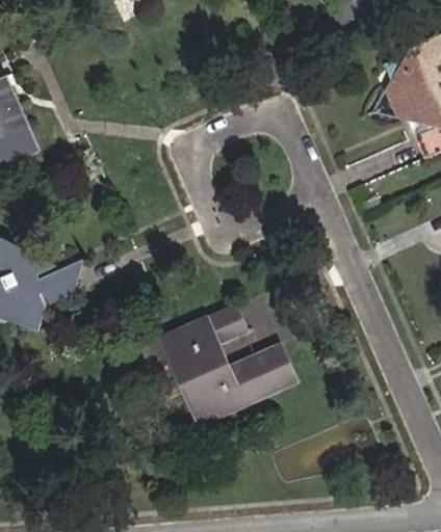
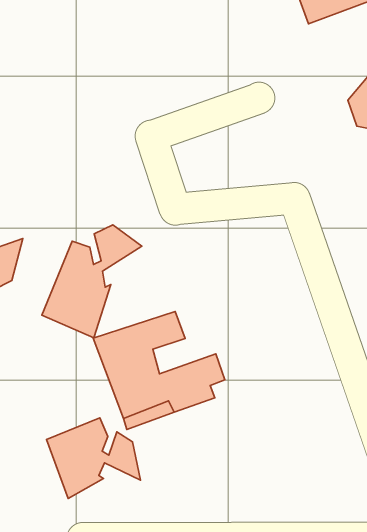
building: none -> [42,225,142,338]
building: none -> [47,418,141,498]

